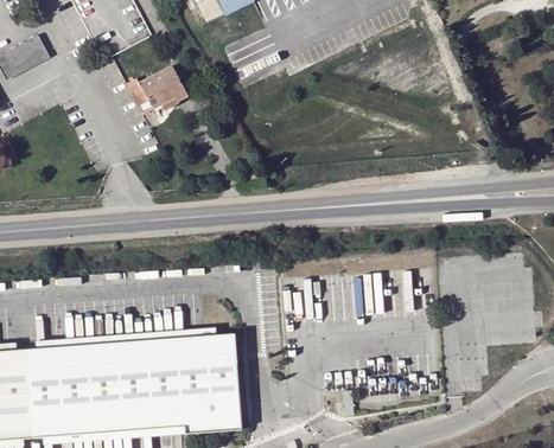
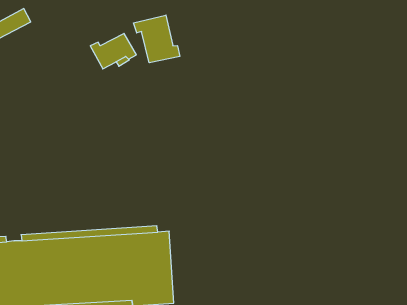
building: none -> [134,15,180,63]

